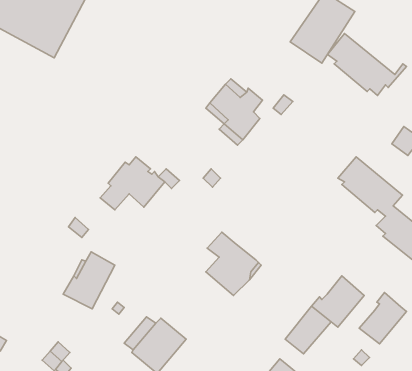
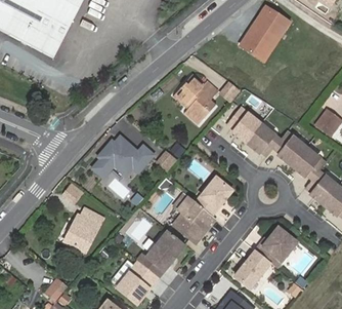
building: [327,33,407,96] -> [228,109,290,157]
building: none -> [197,178,232,215]
building: none -> [137,230,184,276]
building: [359,292,406,344] -> none

